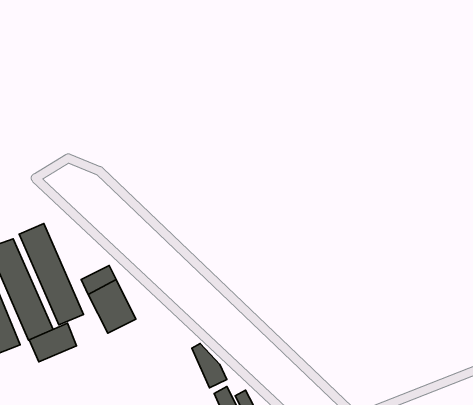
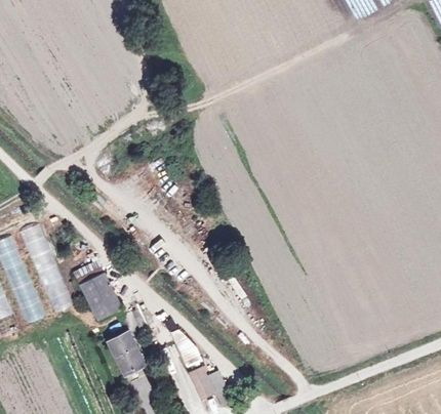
building: [29,323,76,362] -> none
building: none -> [108,333,143,374]

